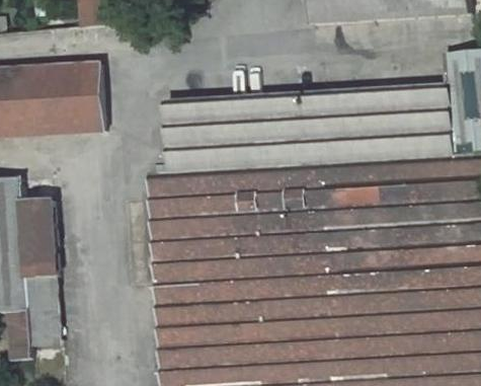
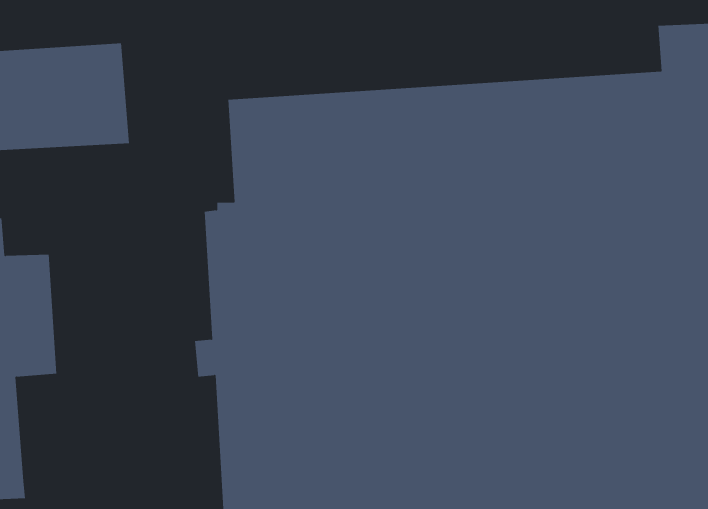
building: [28,276,63,344] -> none

